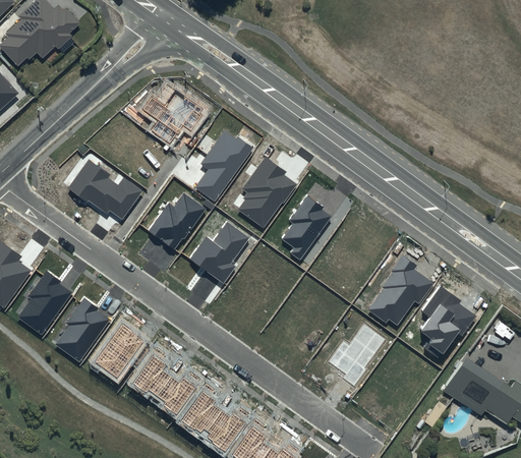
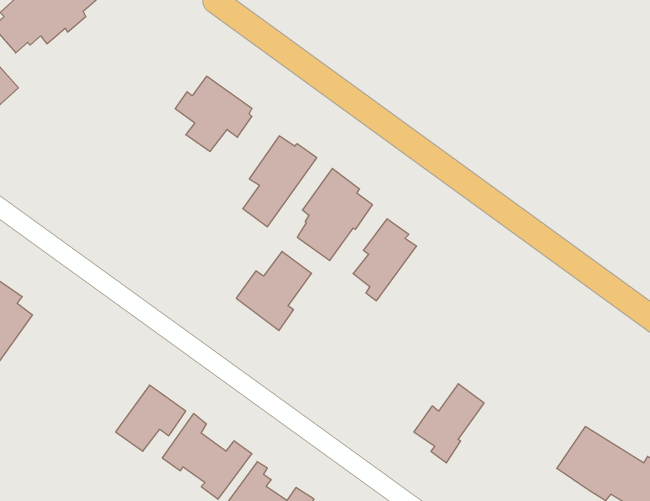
building: [68,159,143,220] -> none
building: [149,192,207,249] -> none
building: [369,254,435,325] -> none
building: [17,270,72,335] -> none
building: [419,283,476,358] -> none
building: [55,298,109,361] -> none

